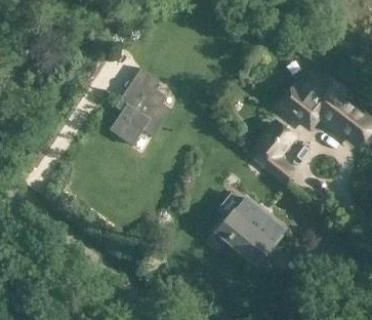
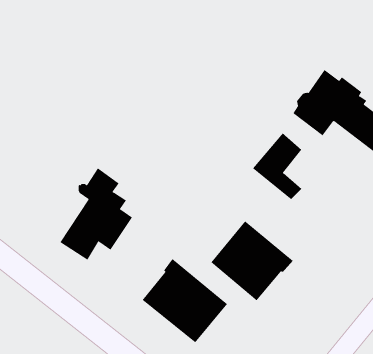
building: [108,66,169,144] -> [60,167,133,260]
building: none -> [142,258,228,343]

